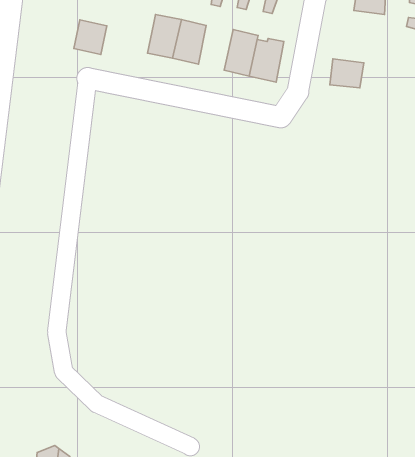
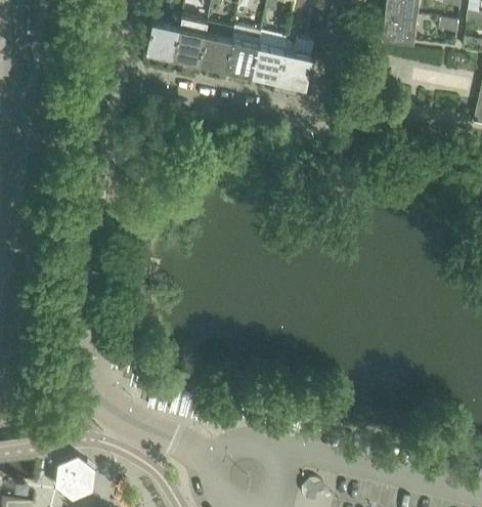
building: [74,20,107,55] -> [145,22,179,57]
building: none -> [225,27,261,75]
building: [330,59,364,88] -> [382,13,417,43]

